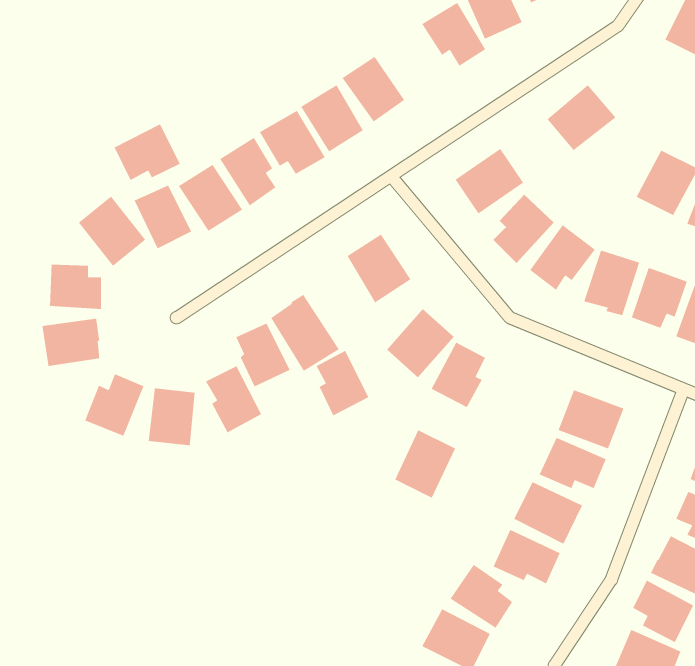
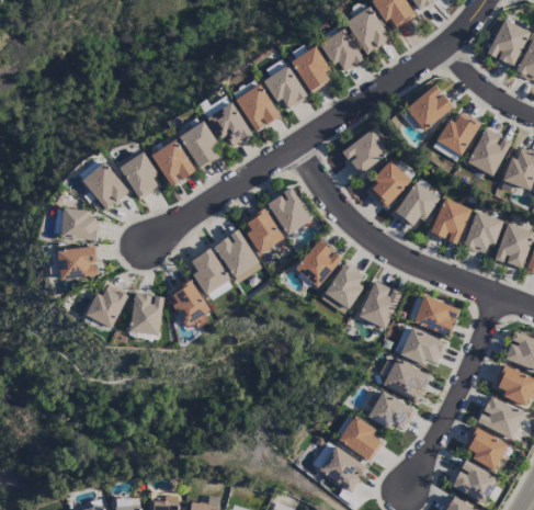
building: none -> [291,45,331,93]
building: [113,123,181,181] -> none
building: none -> [433,112,480,161]
building: [315,350,369,417] -> [246,207,283,253]
building: [394,429,456,499] -> [359,281,401,329]

